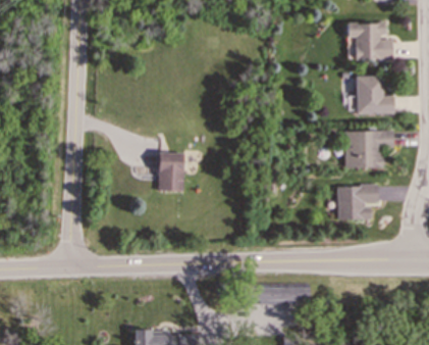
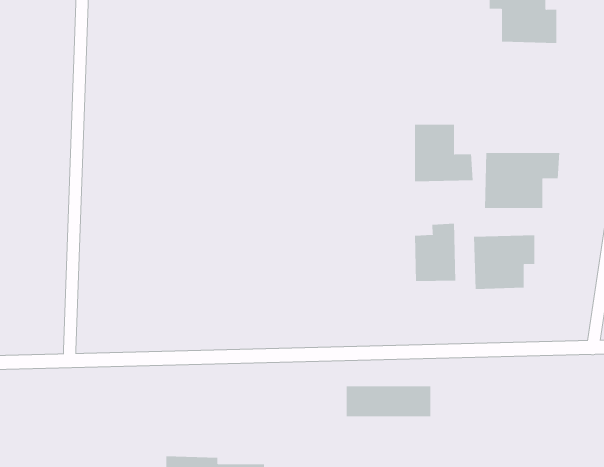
building: [356,78,394,115] -> [414,124,473,182]
building: [158,153,183,193] -> none
building: none -> [414,223,456,282]

